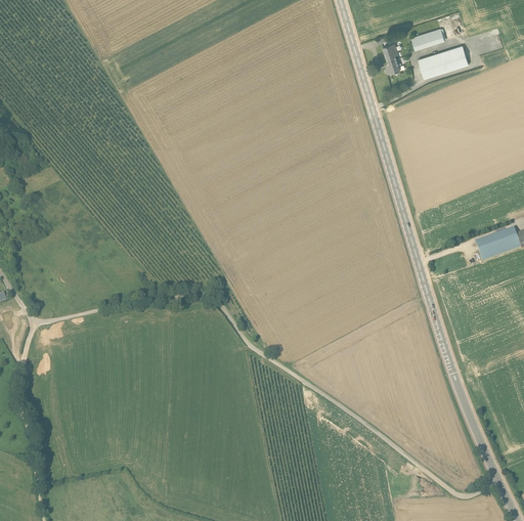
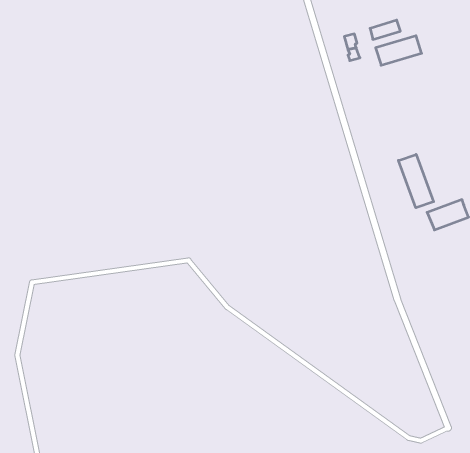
building: none -> [398,154,434,208]

